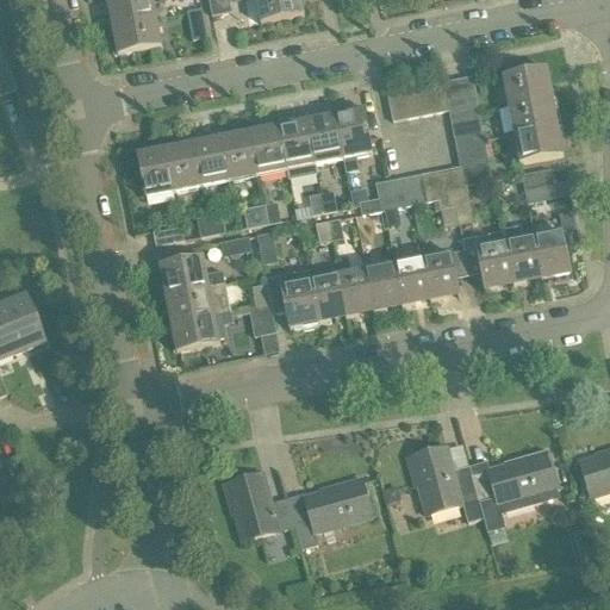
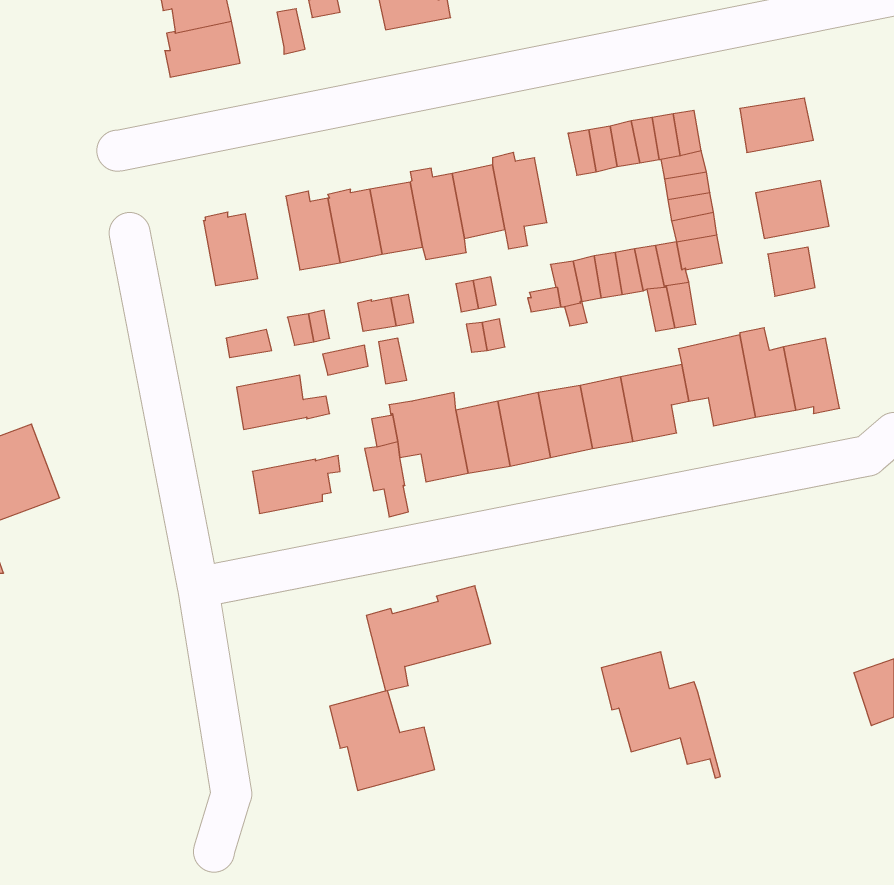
building: [508,94,559,131] -> none
building: [167,139,204,189] -> none
building: [166,281,230,320] -> none
building: [474,448,560,528] -> none
building: [288,474,373,546] -> [366,586,491,691]

